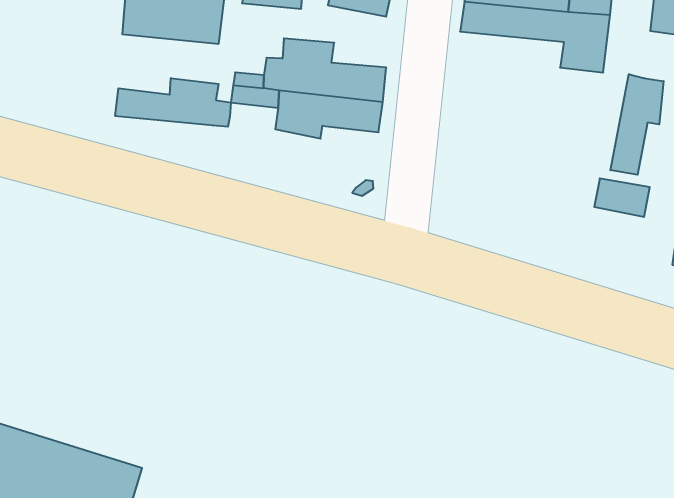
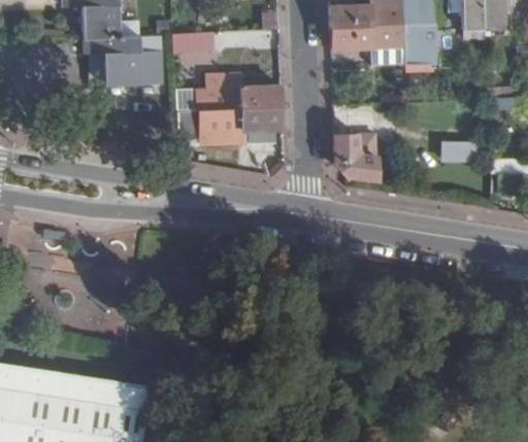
building: [610,74,664,175] -> none
building: [115,78,231,127] -> none
building: none -> [332,133,378,180]

